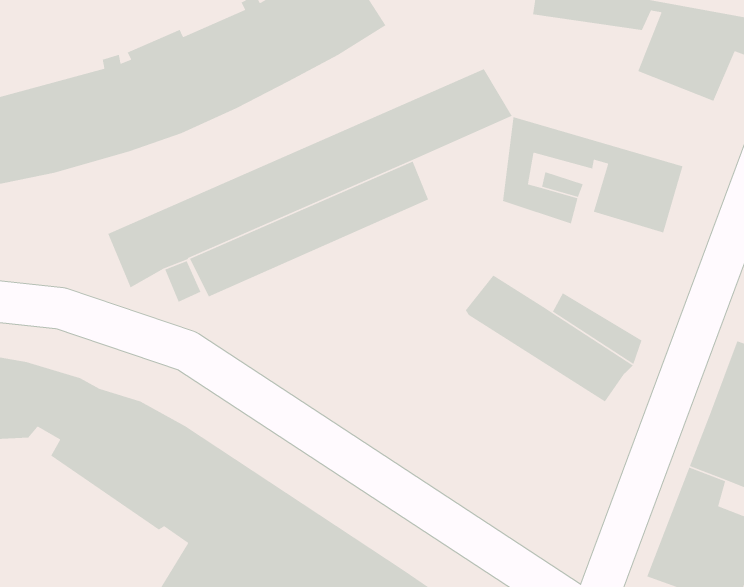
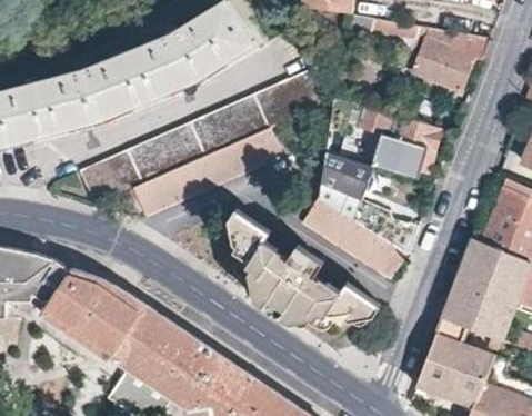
building: none -> [320,153,373,220]
building: none -> [219,211,380,333]

